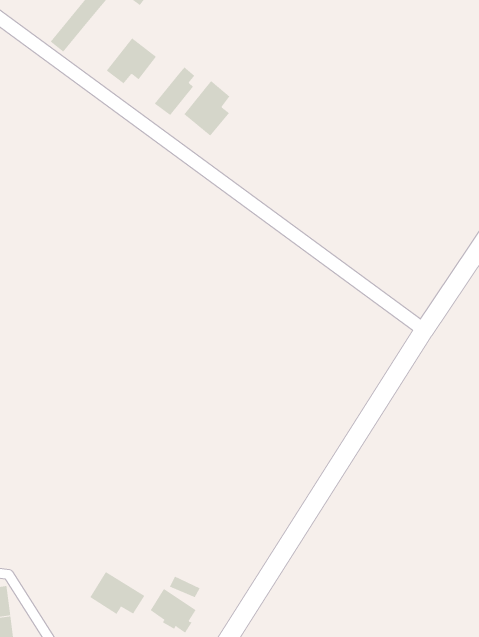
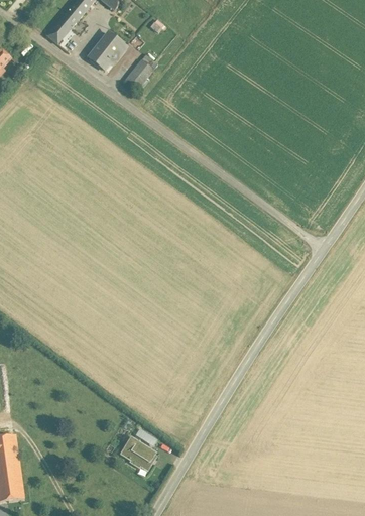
building: [184,80,230,136] -> none
building: [89,571,145,615] -> none

